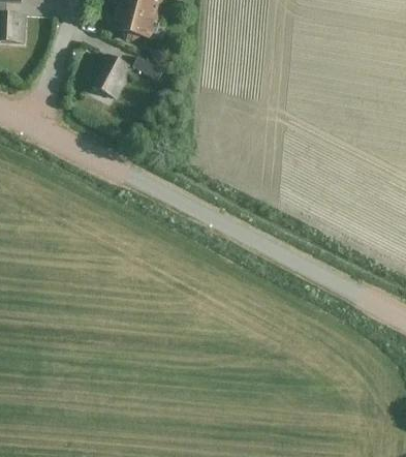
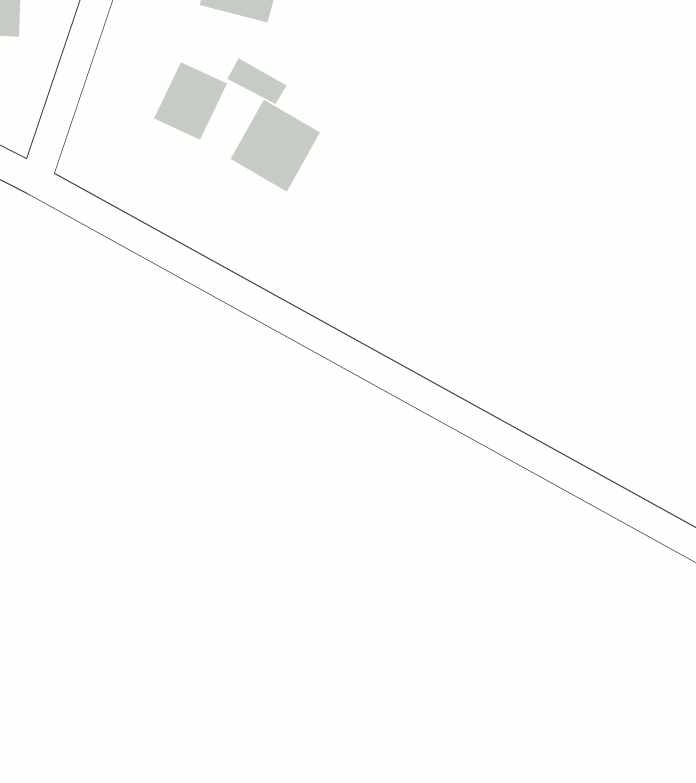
building: none -> [230,99,321,193]

